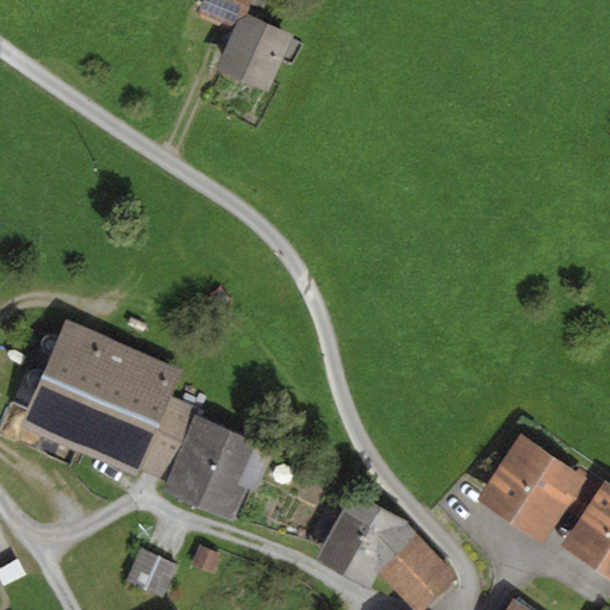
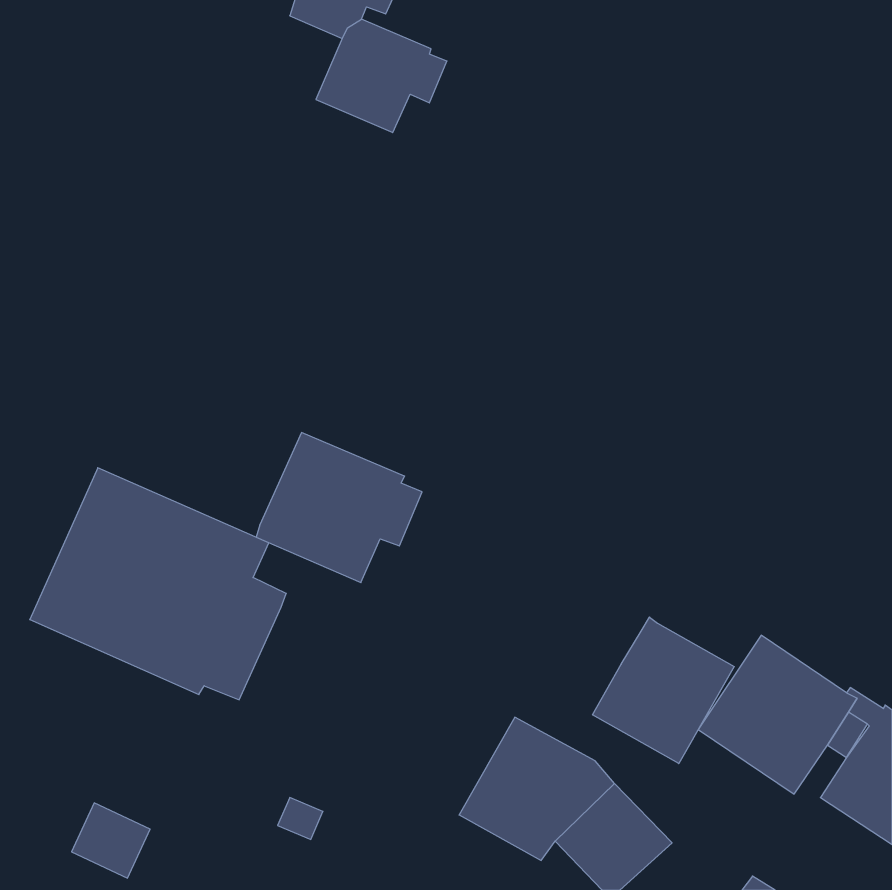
building: [161,415,274,517] -> [256,433,422,583]
building: none -> [593,617,734,764]
building: [124,547,178,598] -> [72,803,150,878]

